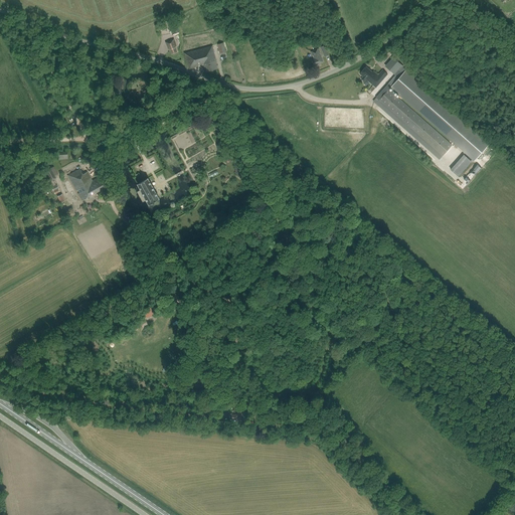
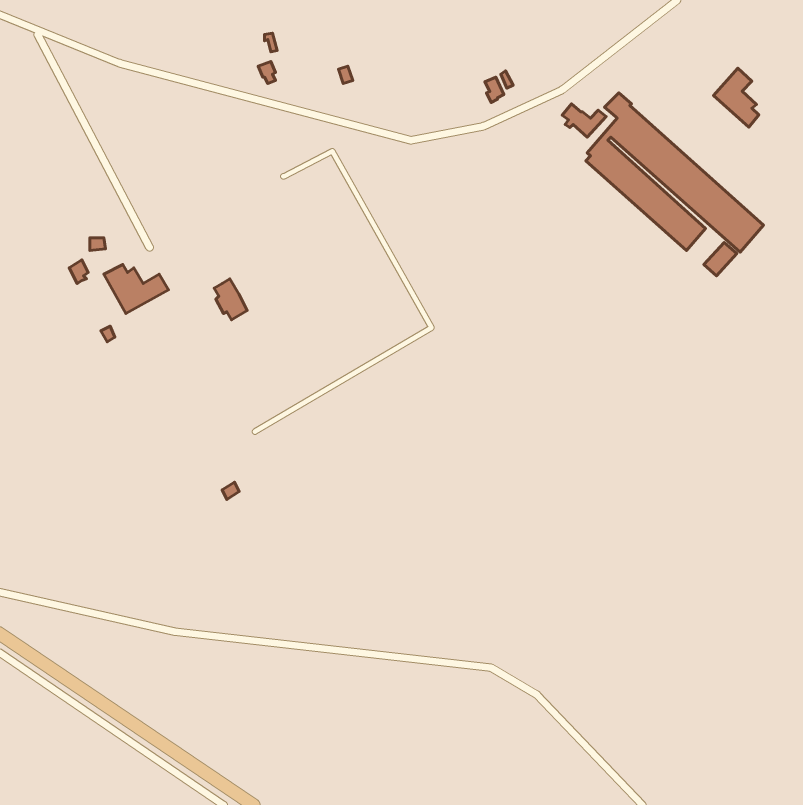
building: none -> [713,68,759,127]
building: [184,45,216,71] -> none

